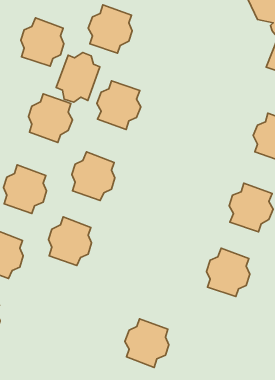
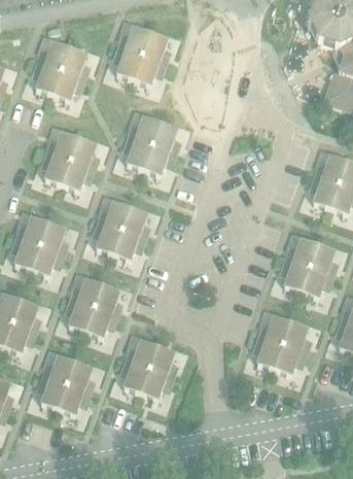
building: [56,53,100,102] -> none
building: none -> [39,354,92,412]
building: [125,319,169,367] -> [121,339,174,397]

